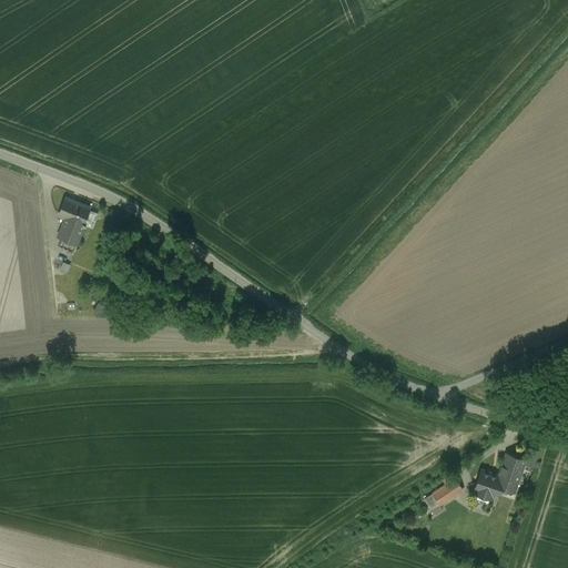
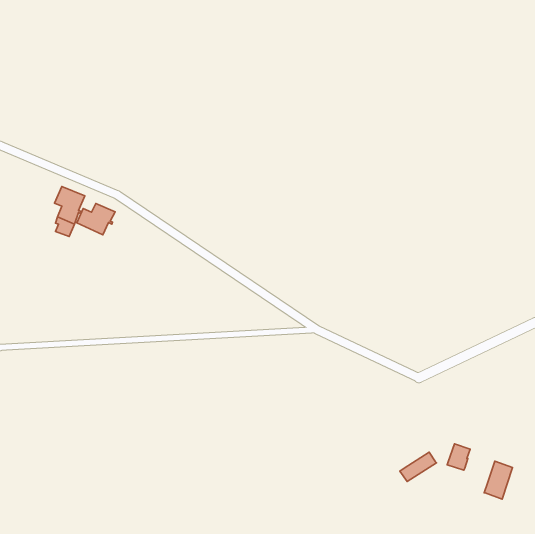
building: none -> [77,203,115,235]
building: [495,454,525,494] -> [484,461,513,499]

